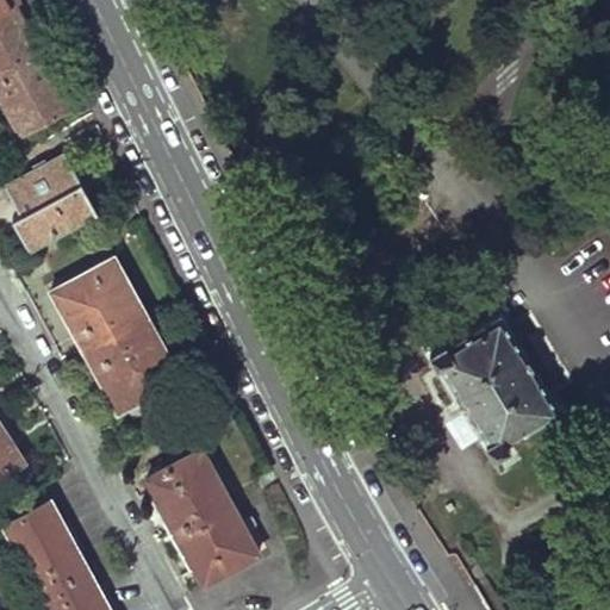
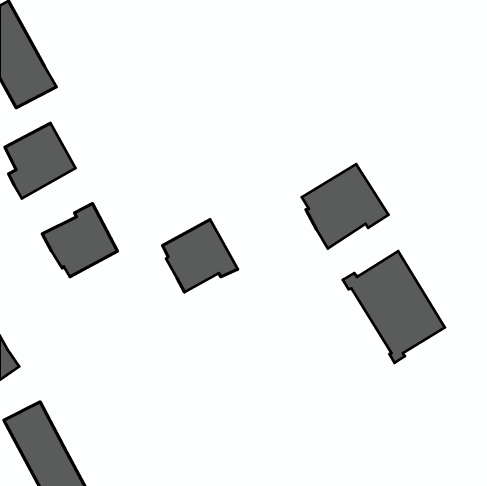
building: none -> [302,164,388,248]
building: [87,316,181,406] -> [162,220,238,292]
building: [141,448,262,593] -> none

